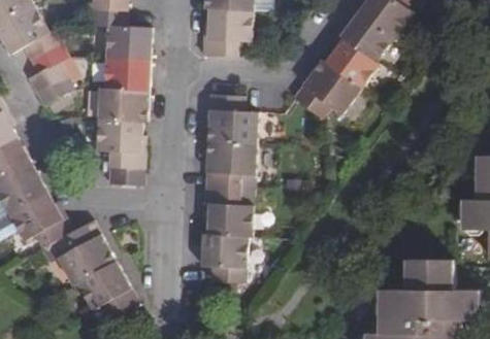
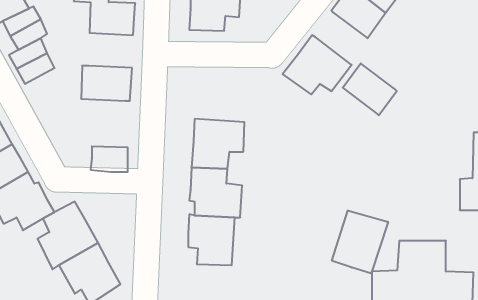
building: [326,37,379,88] -> [343,63,397,115]
building: [105,57,149,91] -> none
building: [208,93,258,143] -> none
building: [96,121,145,168] -> none
building: none -> [332,210,388,273]

